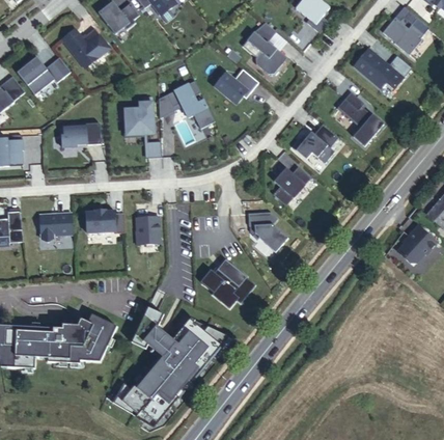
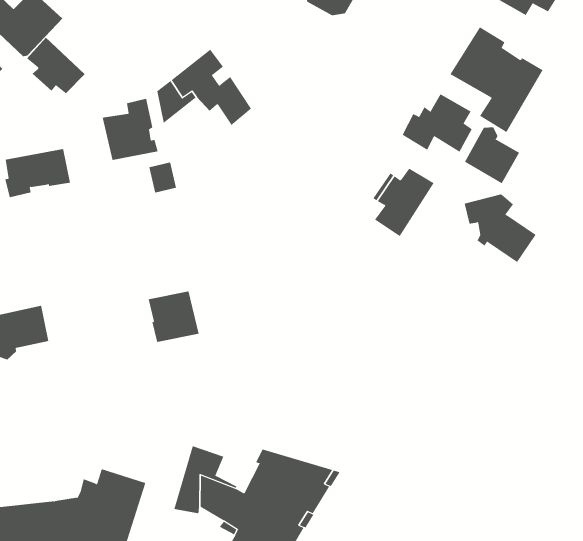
building: none -> [26,37,86,94]
building: [214,68,258,104] -> none
building: none -> [464,126,520,184]
building: [86,210,124,232] -> none
building: [248,211,287,252] -> [464,194,536,263]
building: [200,257,254,304] -> none

